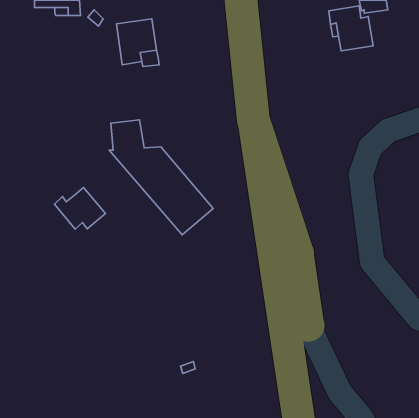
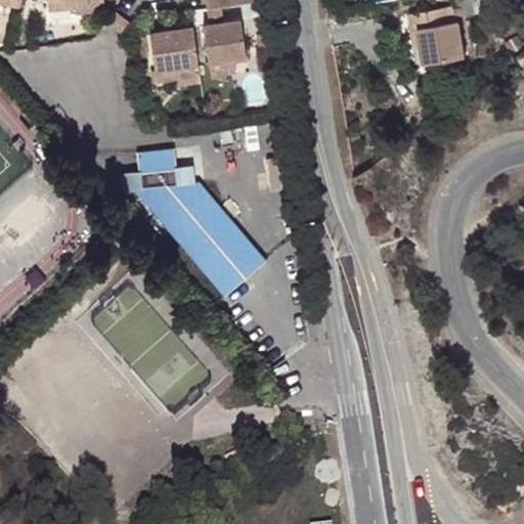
building: none -> [202,18,244,62]
building: [54,188,106,229] -> none

